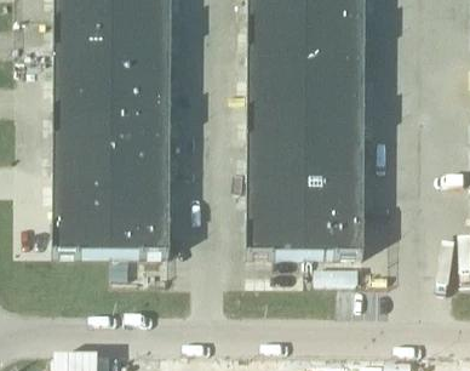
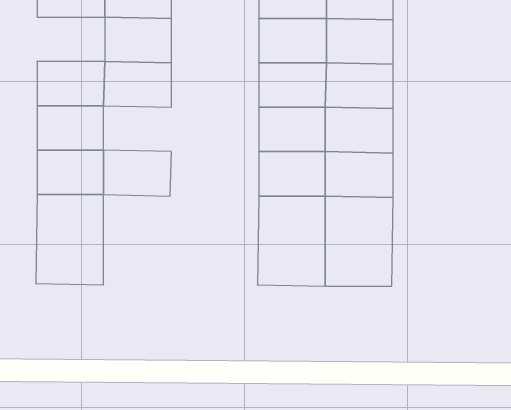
building: [55,23,114,62] -> none
building: [113,101,172,141] -> none
building: [113,178,171,257] -> none

